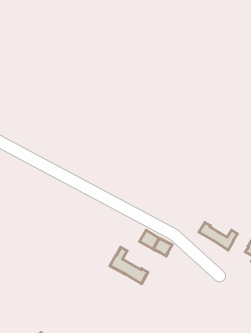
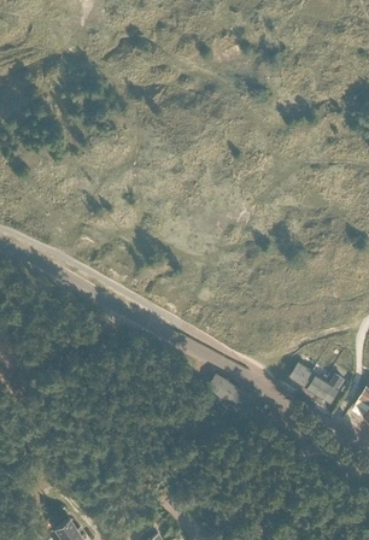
building: [110,247,148,284] -> none

